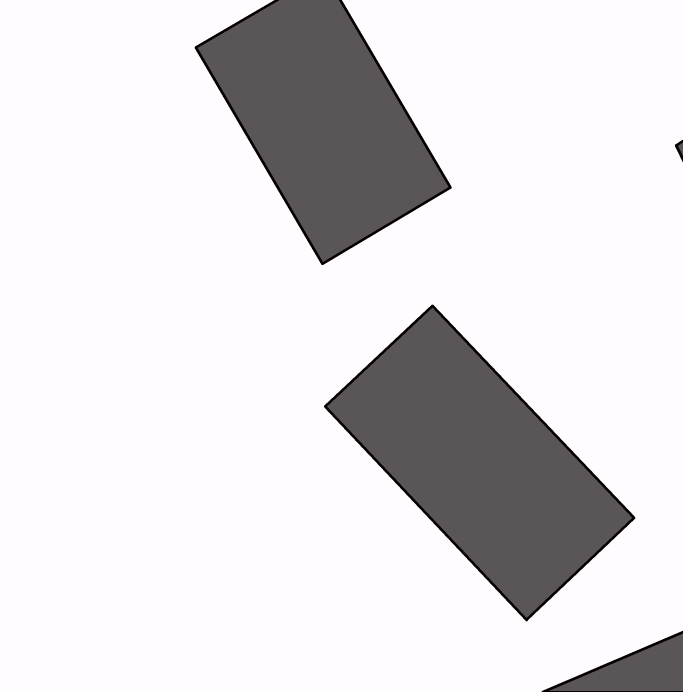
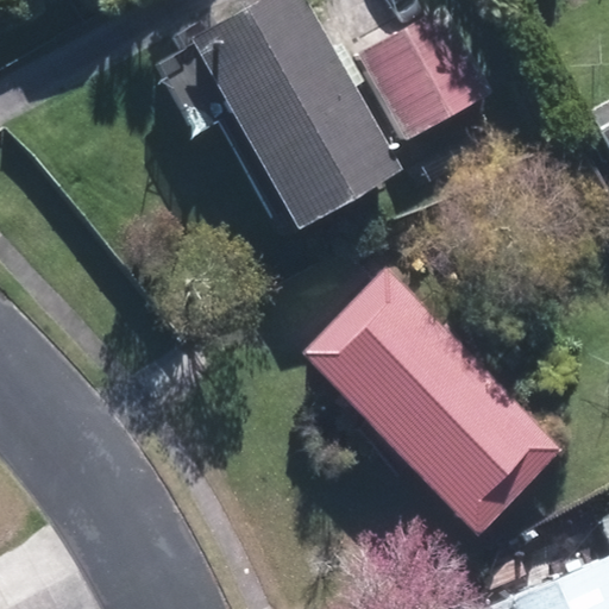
building: none -> [362,11,495,143]

